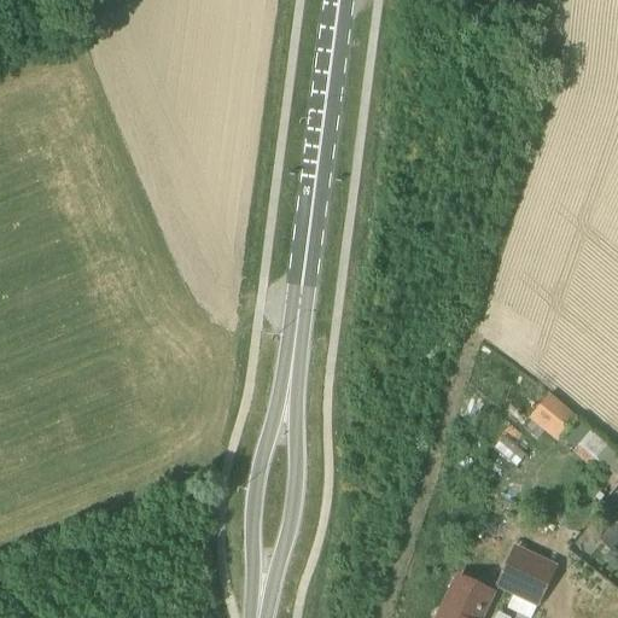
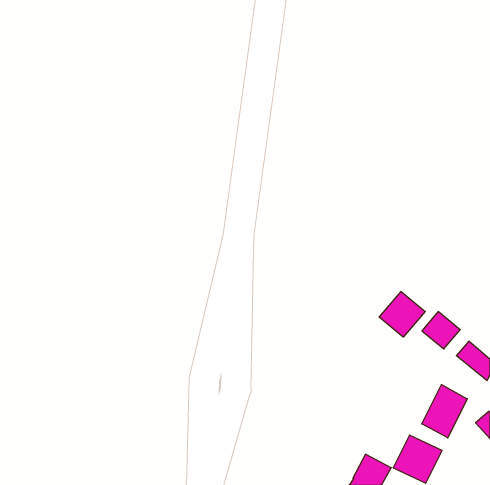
building: none -> [379,292,425,337]
building: none -> [422,385,467,438]

